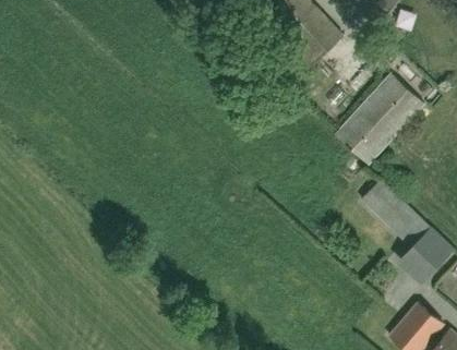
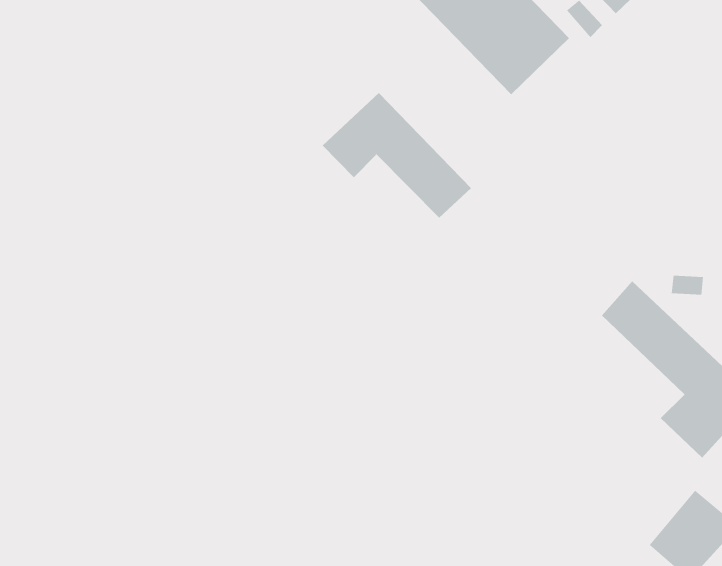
building: none -> [322,92,472,218]
building: [335,73,423,164] -> none

